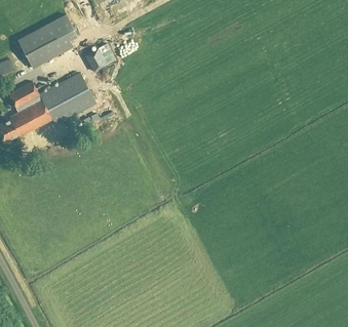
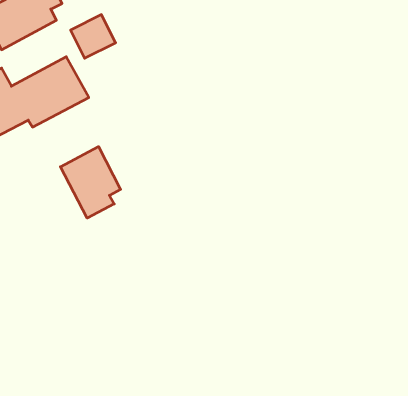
building: none -> [60,147,121,218]

